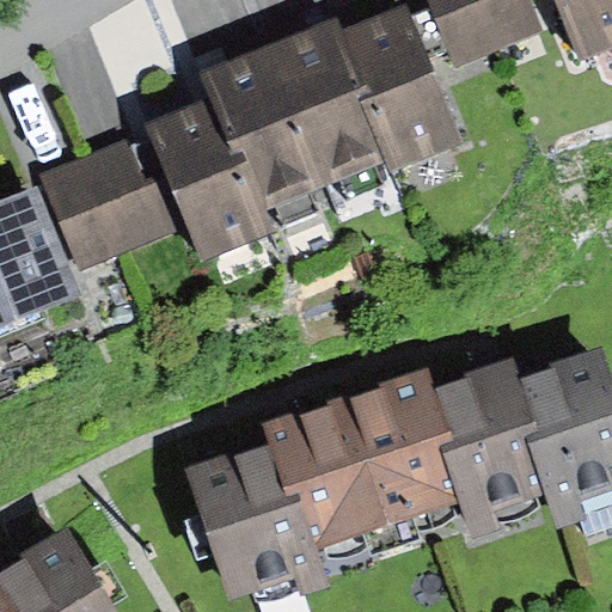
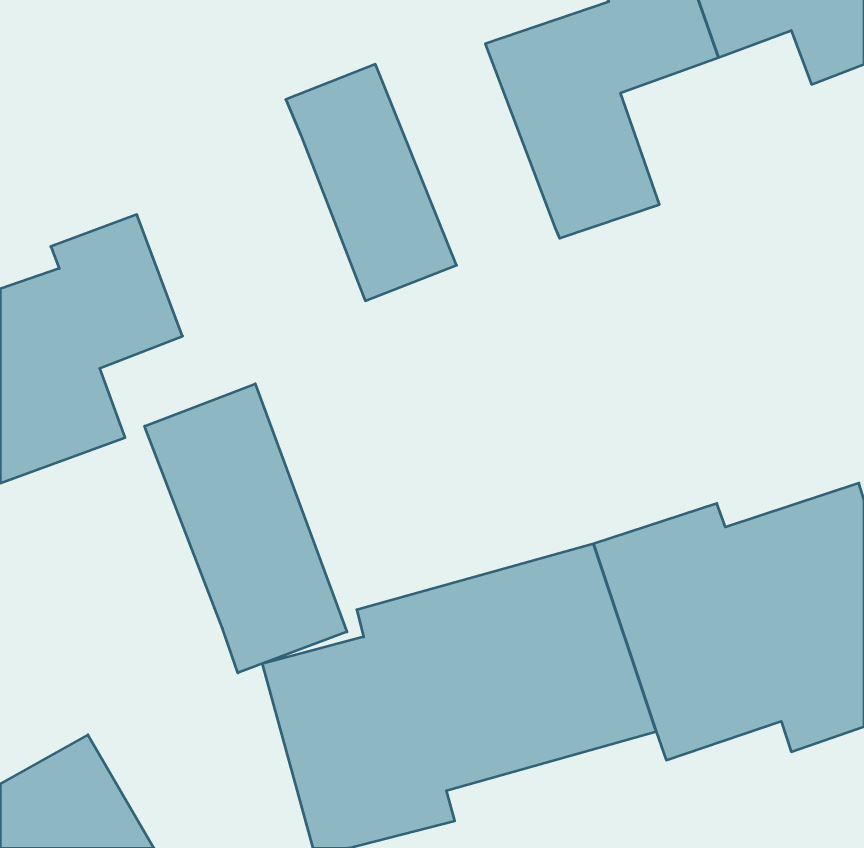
building: [265,16,392,188] -> none
building: [97,96,267,259] -> none
building: none -> [145,384,347,673]

